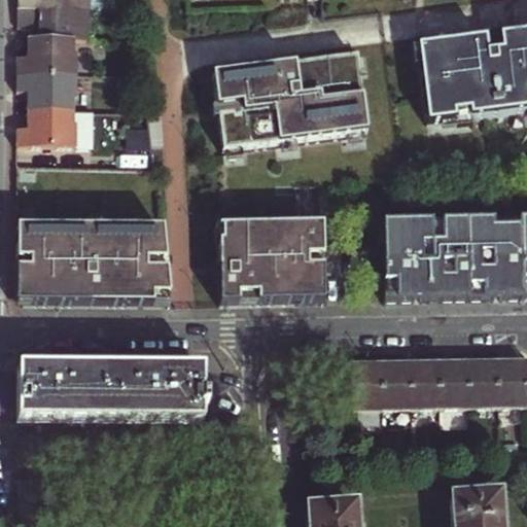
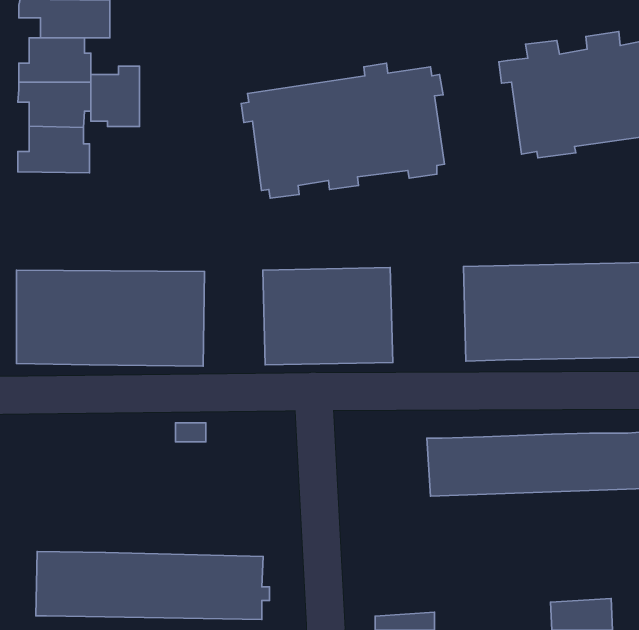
building: none -> [91,66,139,126]
building: [21,359,211,415] -> [36,551,270,620]

